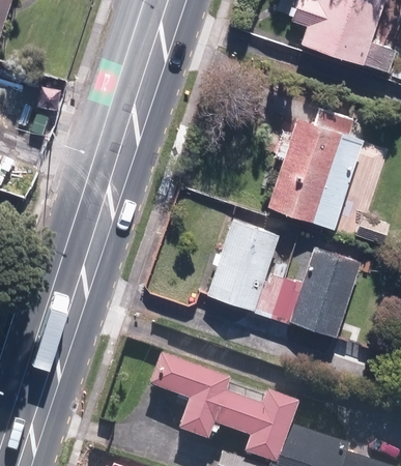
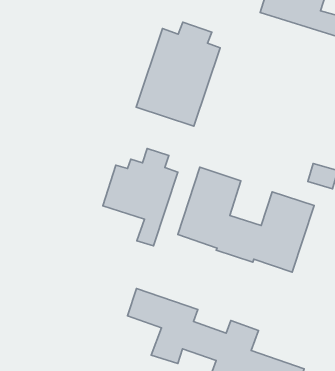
building: [267,109,363,227] -> [136,22,220,126]
building: none -> [103,149,178,246]

